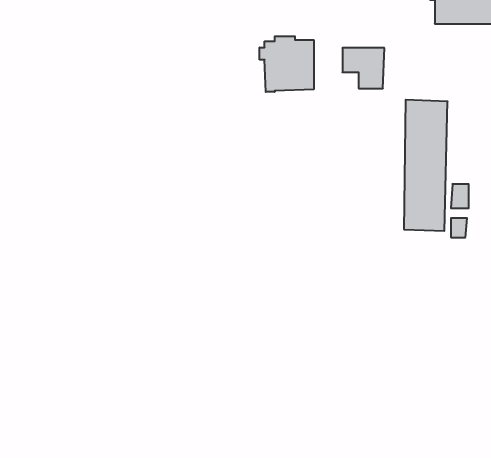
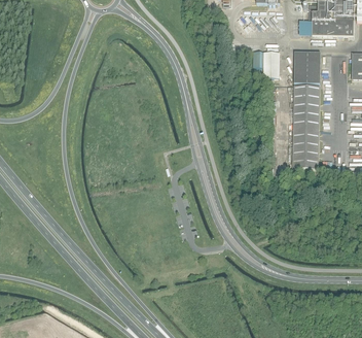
building: [260,36,314,92] -> none
building: none -> [294,52,320,83]

